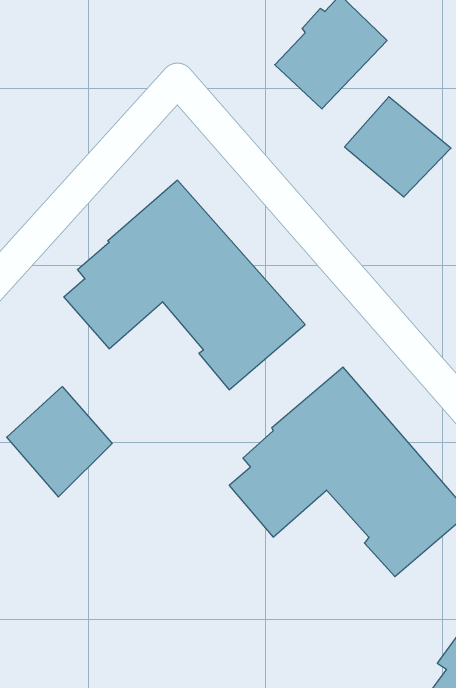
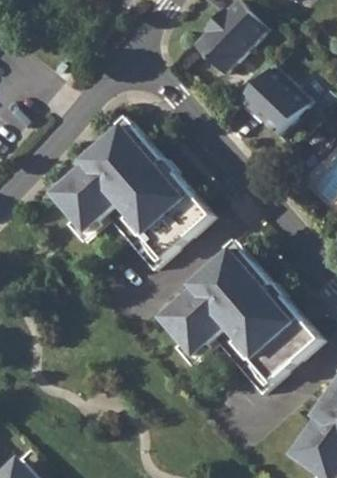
building: [7,387,112,497] -> none

